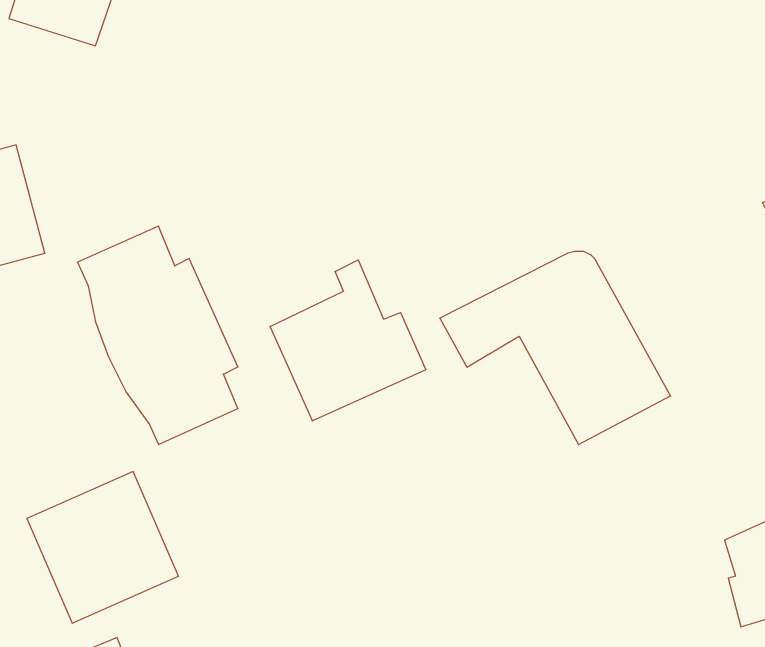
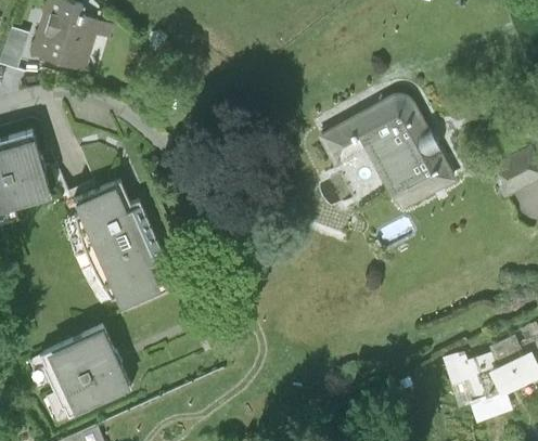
building: [440,252,671,445] -> [313,92,452,208]
building: [270,260,426,421] -> none

